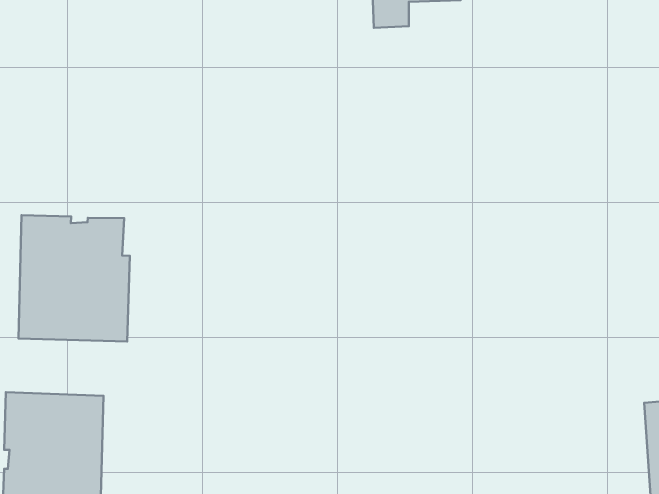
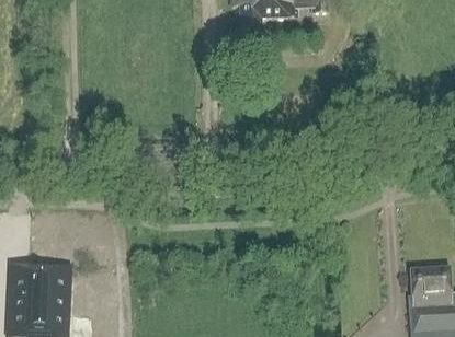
building: [19,215,130,342] -> none

